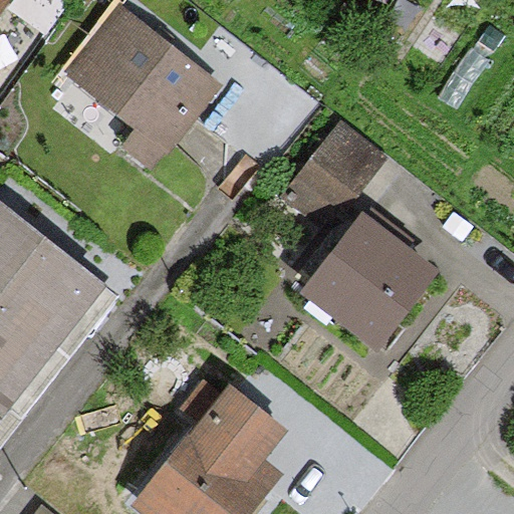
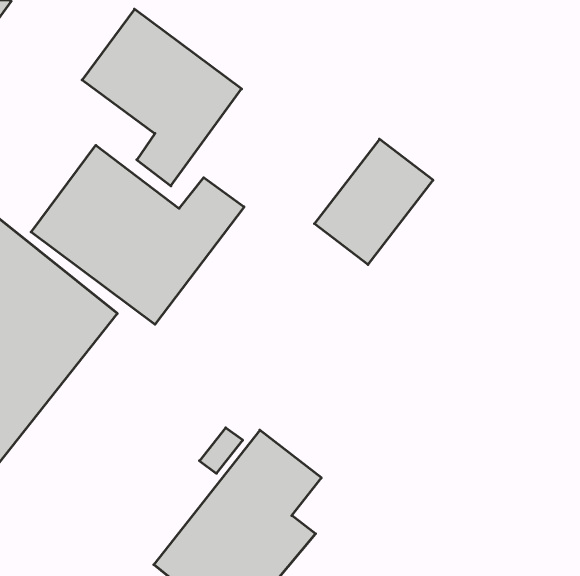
building: none -> [31,145,244,324]
building: [308,214,438,344] -> none

